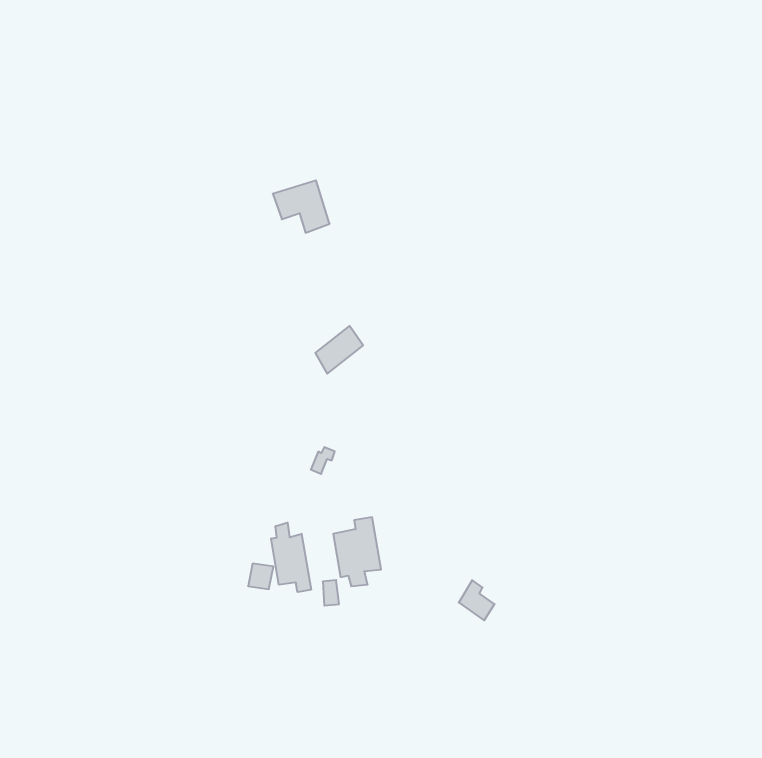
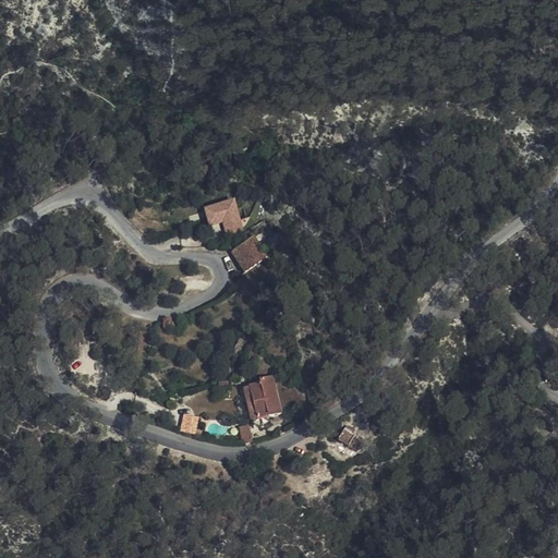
building: [273,180,330,233] -> [205,195,246,233]
building: [271,523,311,592] -> none

